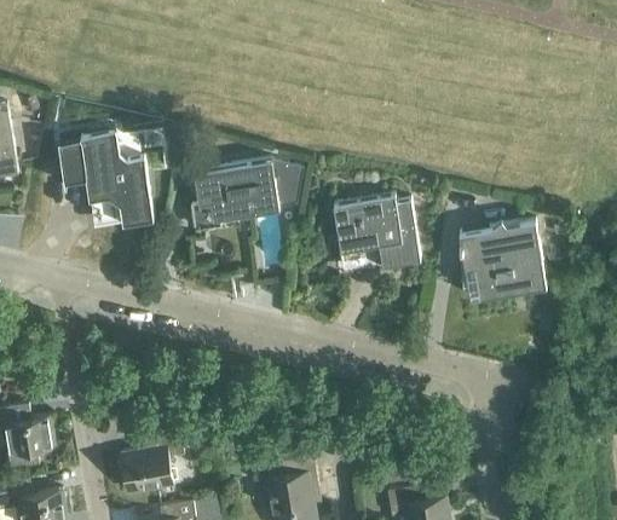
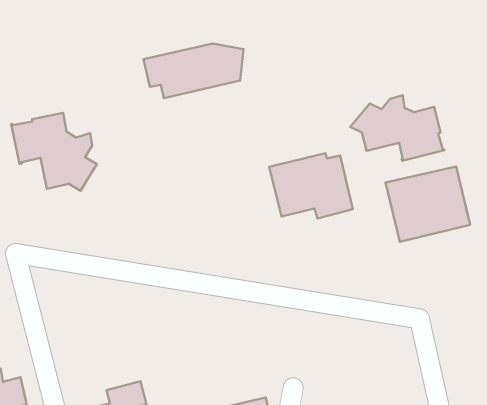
building: none -> [350,95,444,161]
building: [195,162,304,218] -> [143,43,243,98]

